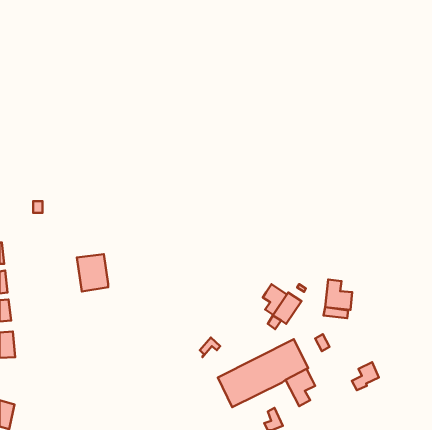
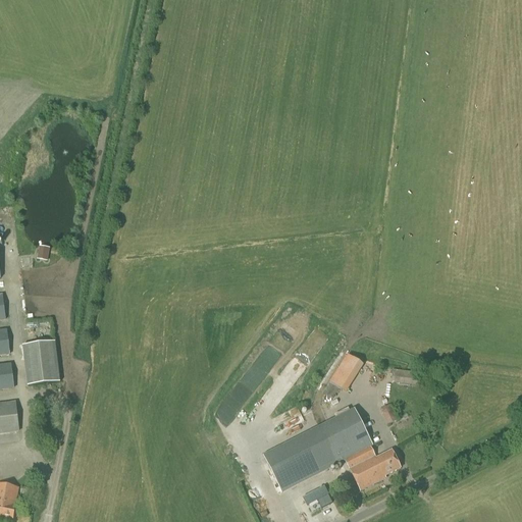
building: [77,254,108,291] -> [23,336,61,381]
building: [325,279,352,310] -> none
building: [263,284,287,315] -> none
building: [352,362,379,390] -> [367,448,400,481]

